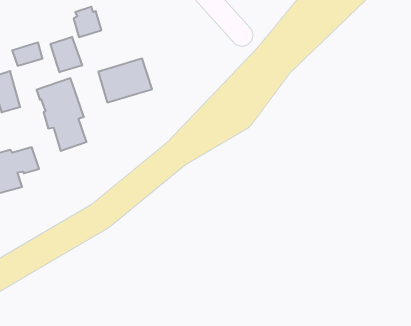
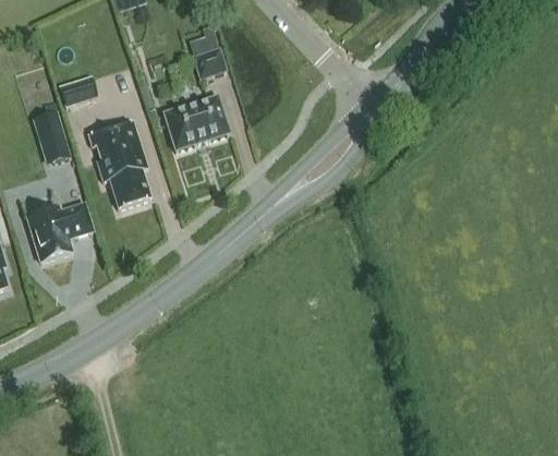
building: [74,7,101,37] -> [192,41,226,79]
building: [51,37,82,72] -> none

